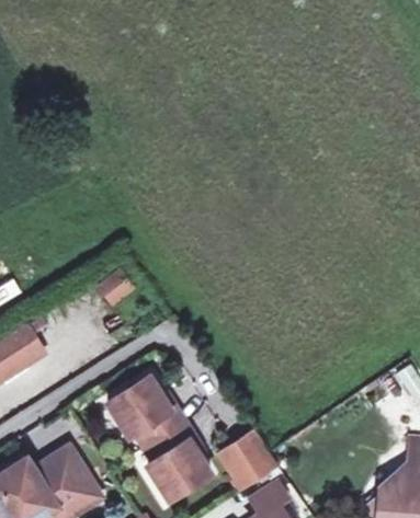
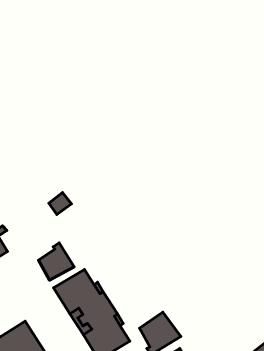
building: none -> [38,243,74,280]

